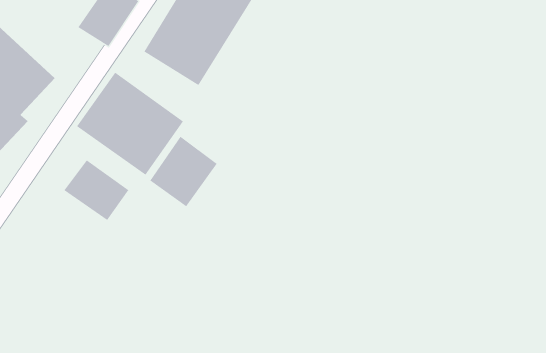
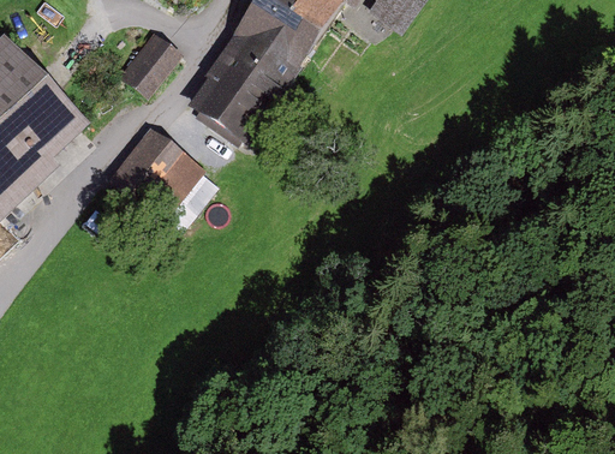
building: [150,136,218,207] -> none
building: [63,159,129,221] -> none

